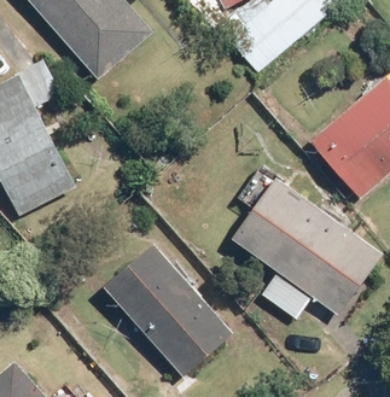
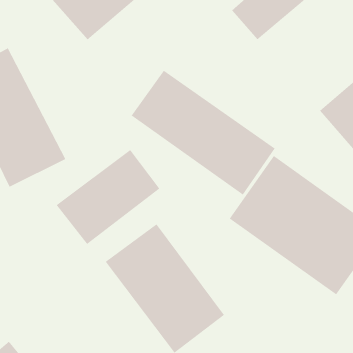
building: none -> [131,70,275,195]
building: none -> [56,149,160,245]

